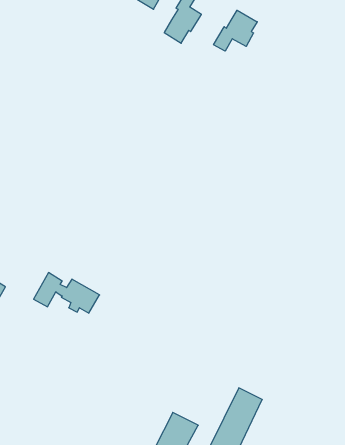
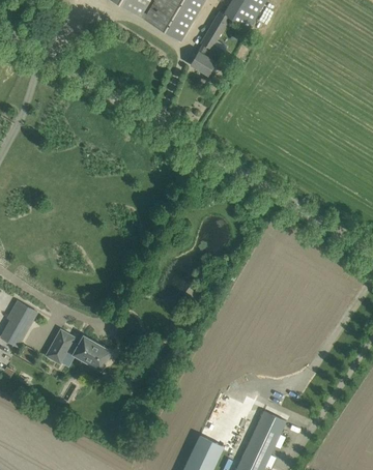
building: [214,10,257,51] -> none
building: [34,273,100,313] -> [46,329,110,369]

